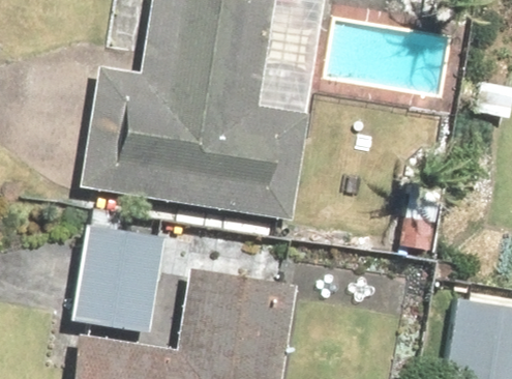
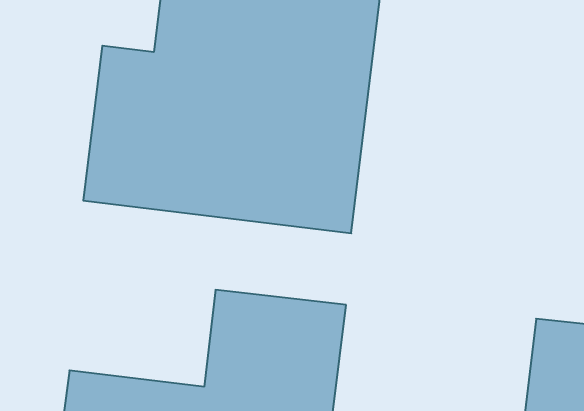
building: [70,225,163,328] -> none

